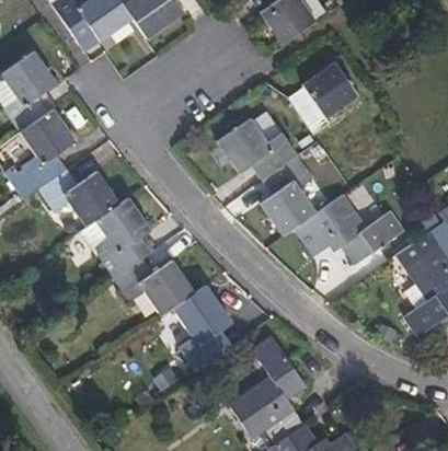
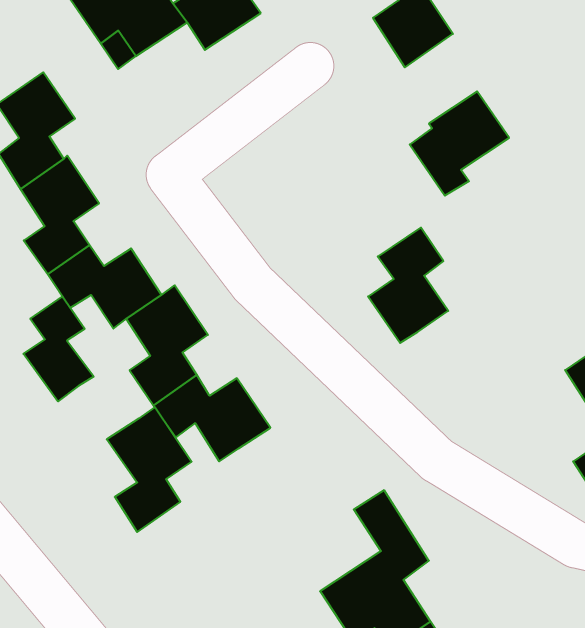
building: [218,119,297,176] -> none
building: [295,195,401,265] -> none
building: none -> [23,296,94,401]
building: [172,286,230,371] -> [107,407,192,532]

